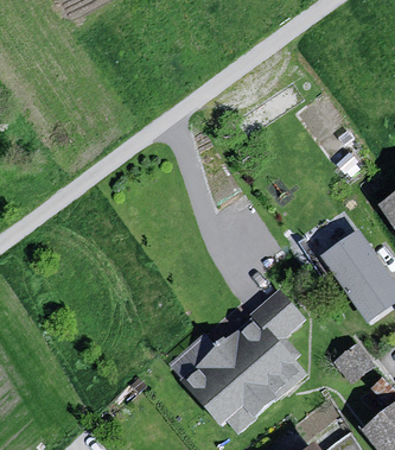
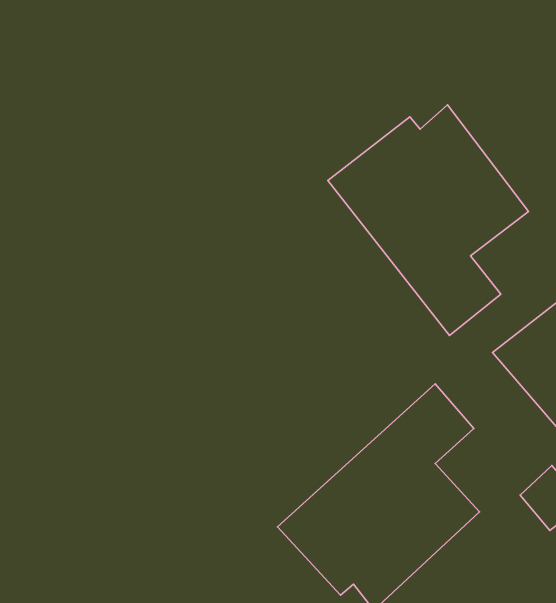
building: none -> [328,105,528,336]

